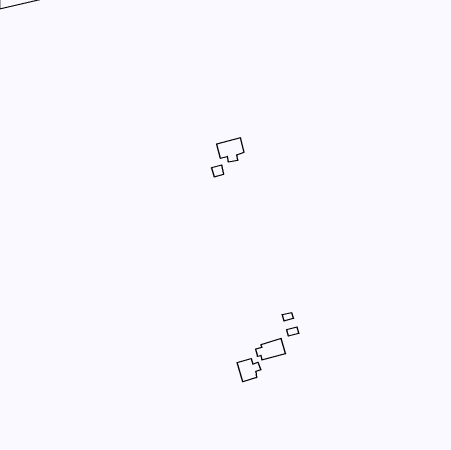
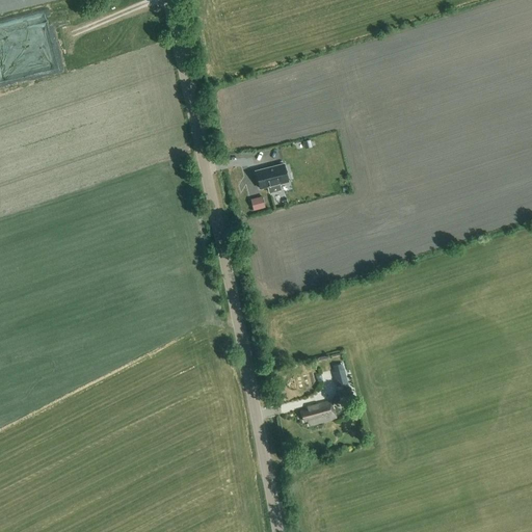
building: [237,359,261,382] -> none

